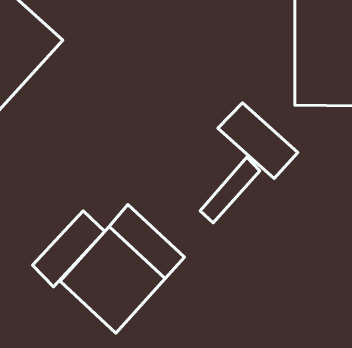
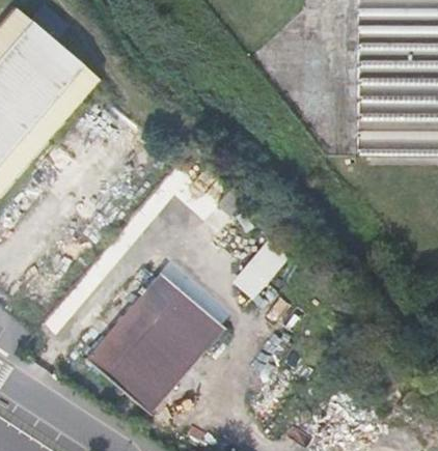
building: [218,103,298,178] -> none
building: [33,211,105,287] -> none

